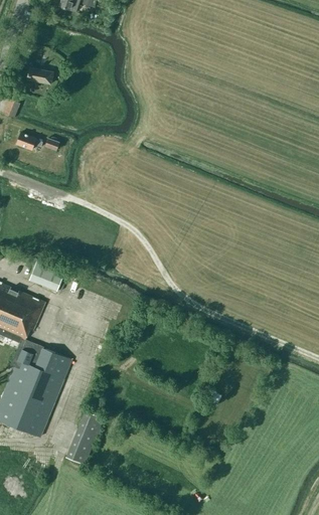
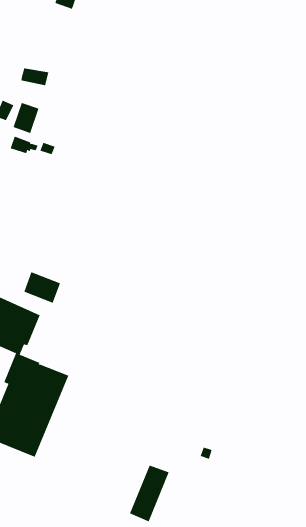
building: none -> [13,102,39,134]
building: [65,410,104,465] -> [129,465,169,522]

